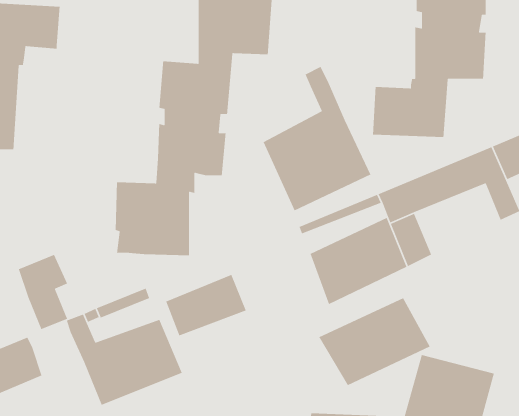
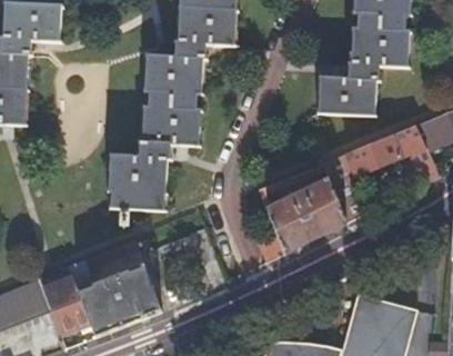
building: [263,66,371,211] -> none
building: [18,254,68,330] -> [41,275,82,337]
building: [318,297,431,386] -> none

